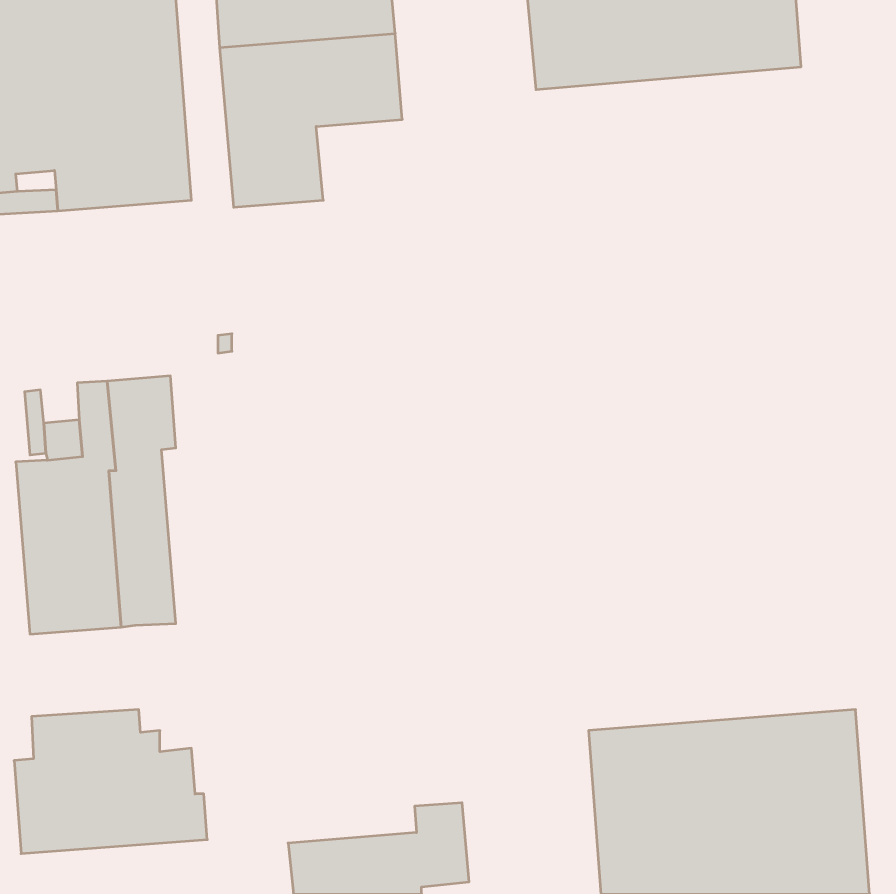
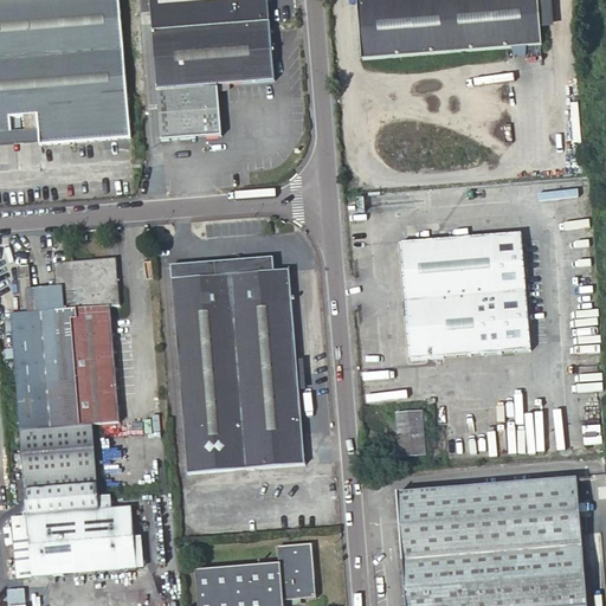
building: none -> [401,231,529,359]
building: none -> [172,259,304,473]
building: none -> [398,410,426,454]
building: none -> [20,421,96,482]

